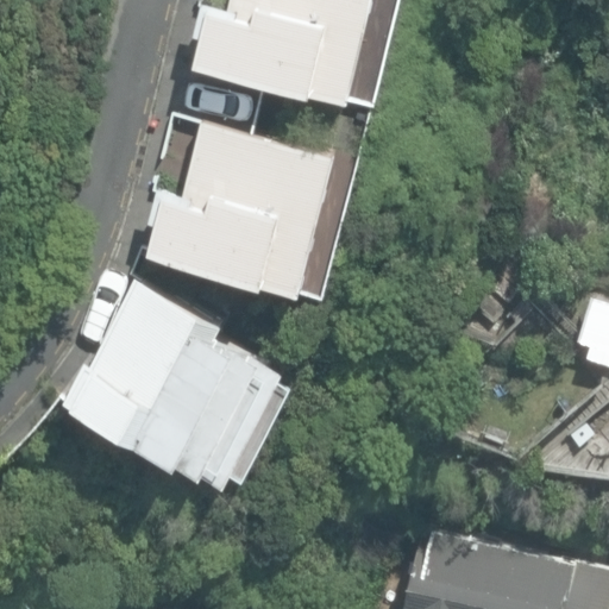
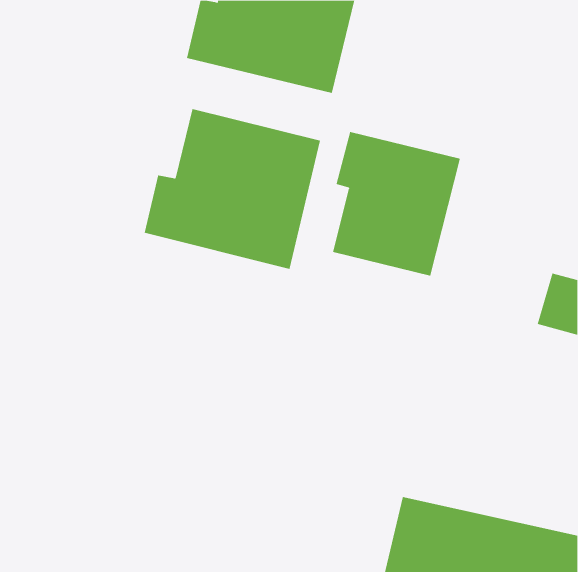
building: none -> [333,131,461,277]
building: [75,285,295,481] -> none

